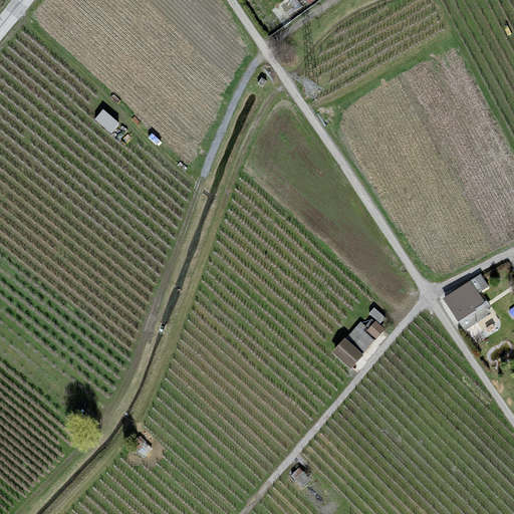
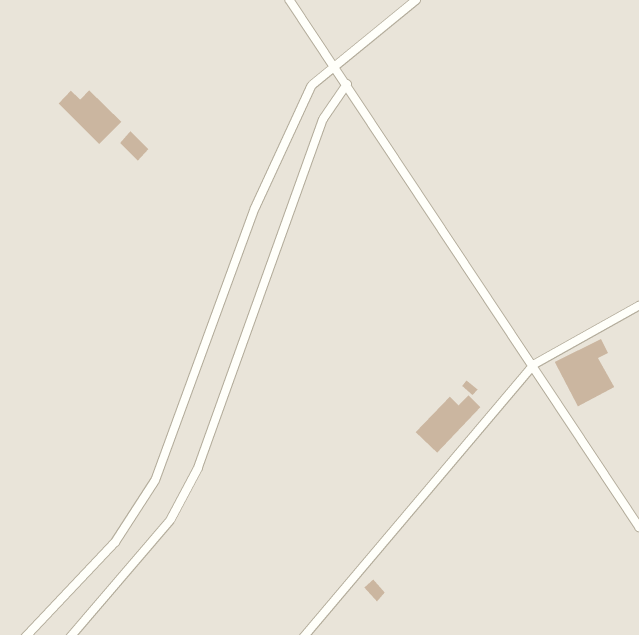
building: none -> [58,89,122,145]

